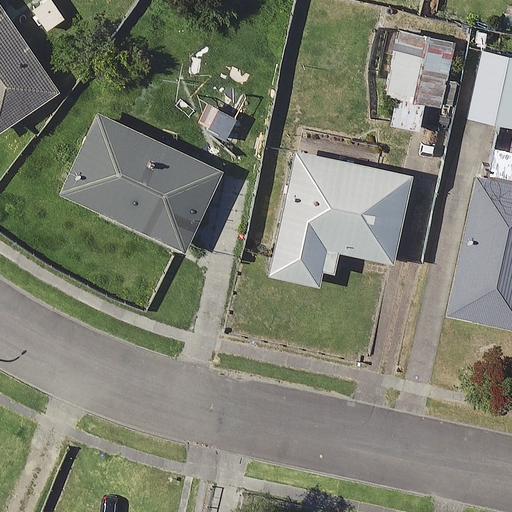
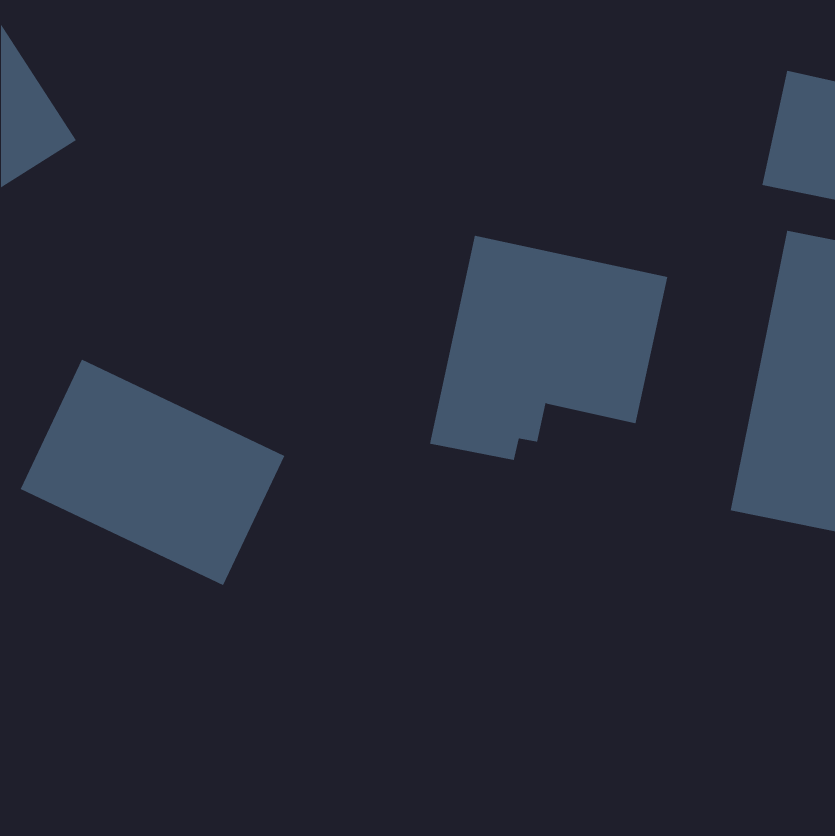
building: [385,26,460,132] -> none
building: [62,117,221,253] -> [20,359,285,586]

